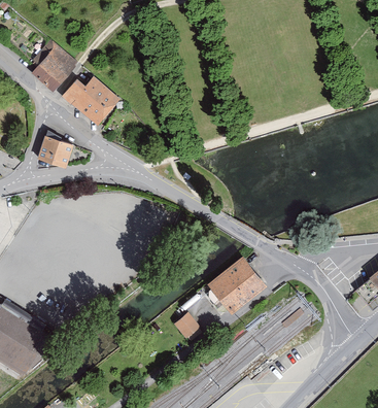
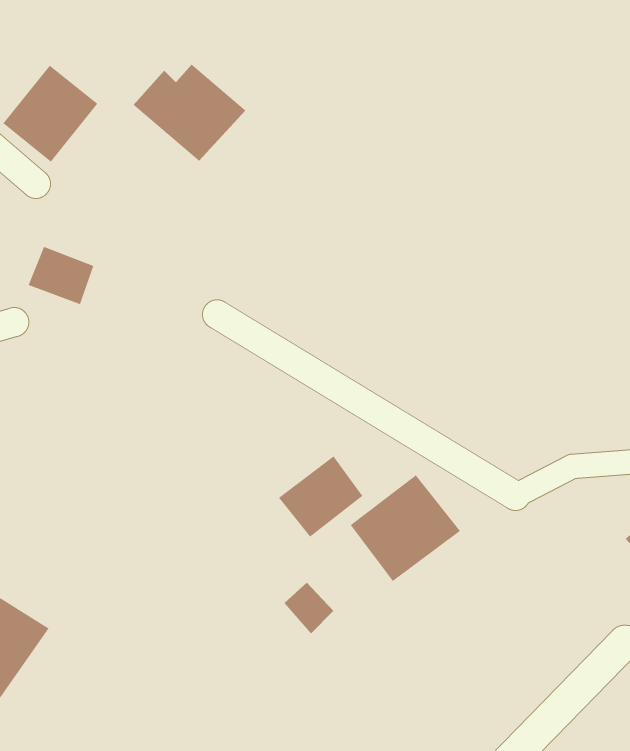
building: [62,74,122,126] -> [133,64,246,161]
building: none -> [278,455,363,537]

